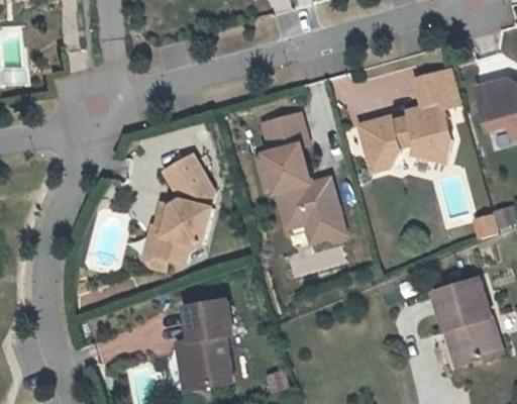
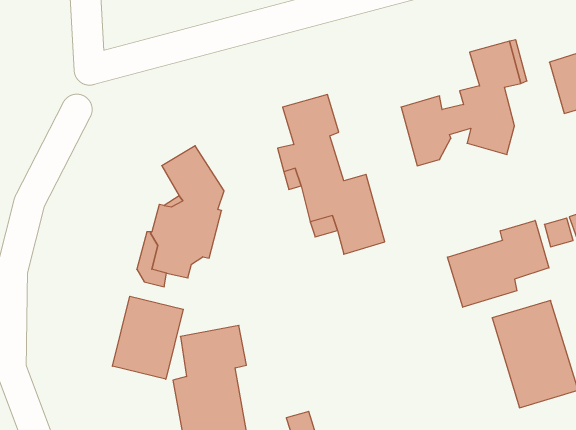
building: none -> [447,220,549,307]
building: none -> [112,296,183,379]

